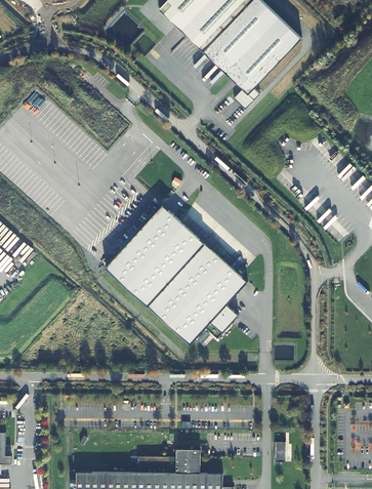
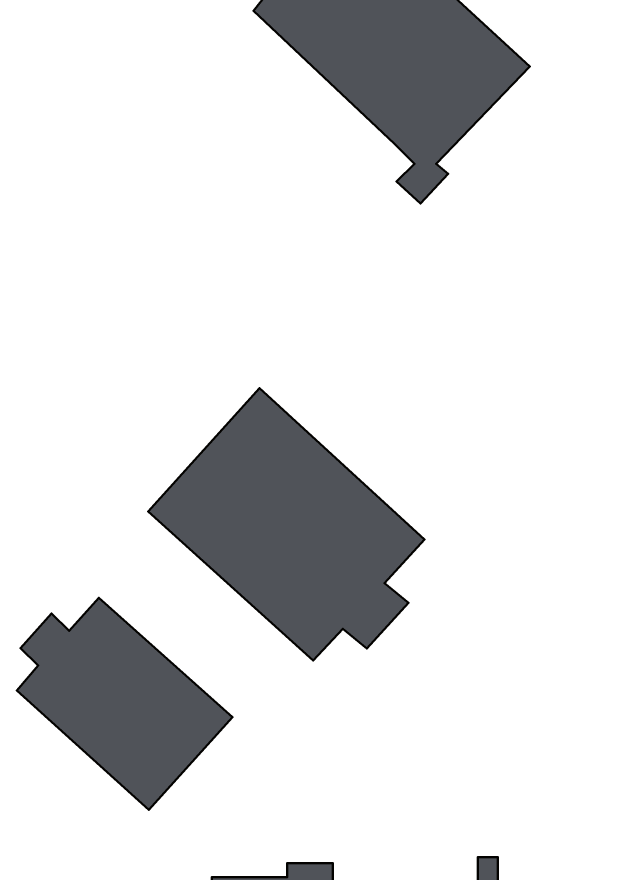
building: none -> [17,598,233,810]

